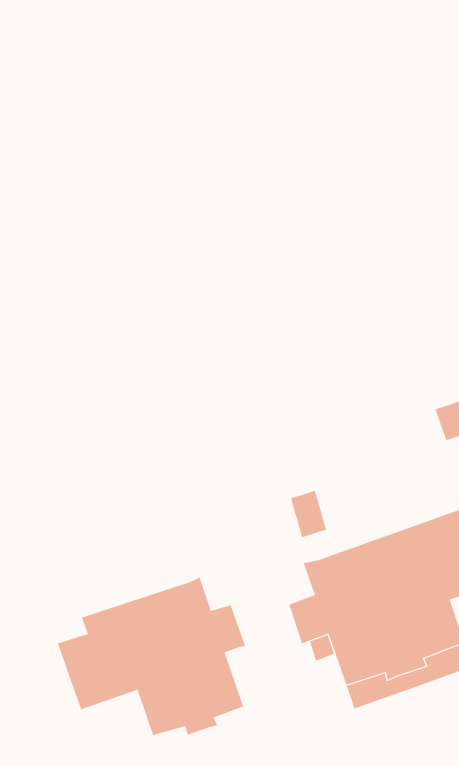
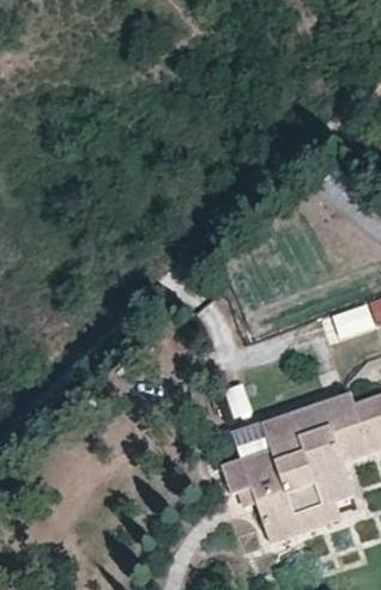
building: [57,576,246,736] -> none

